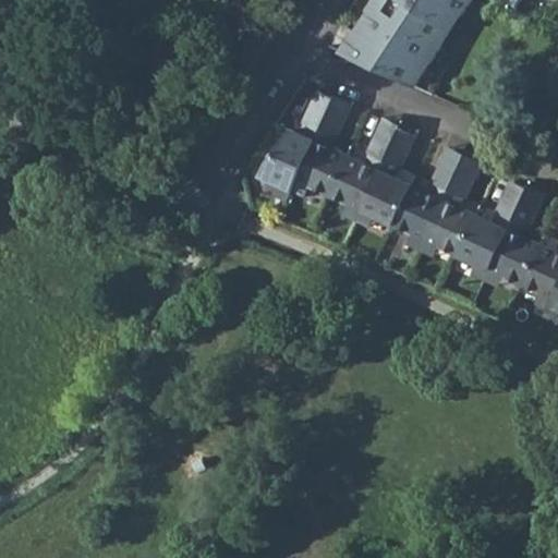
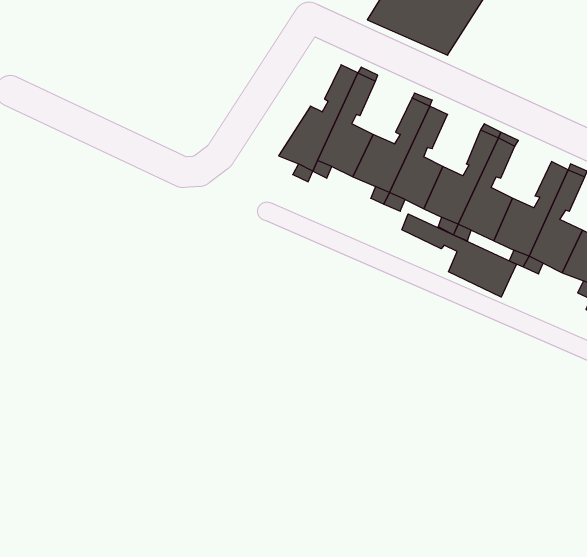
building: none -> [402,214,516,297]

